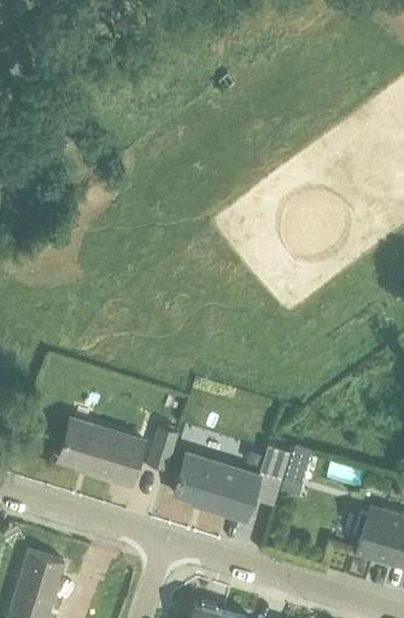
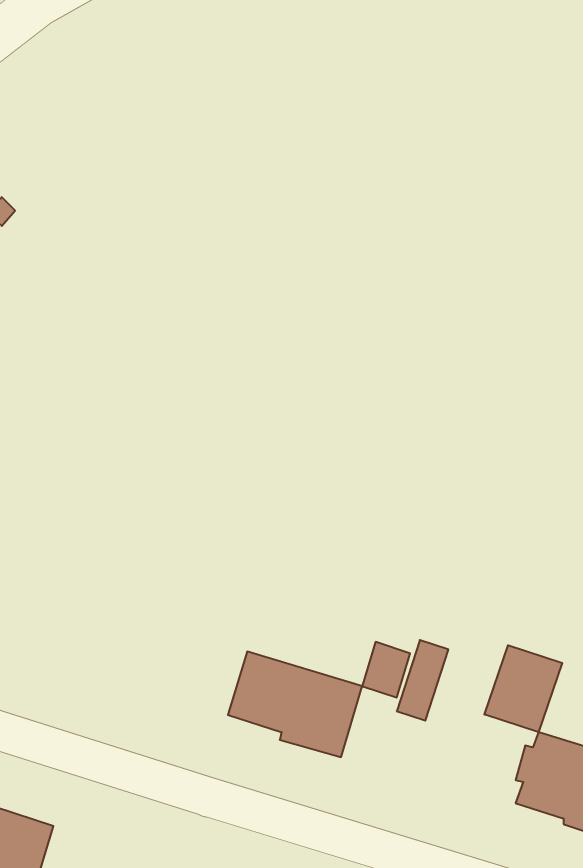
building: [59,419,146,488] -> none
building: [148,426,180,470] -> none
building: none -> [484,645,562,732]

